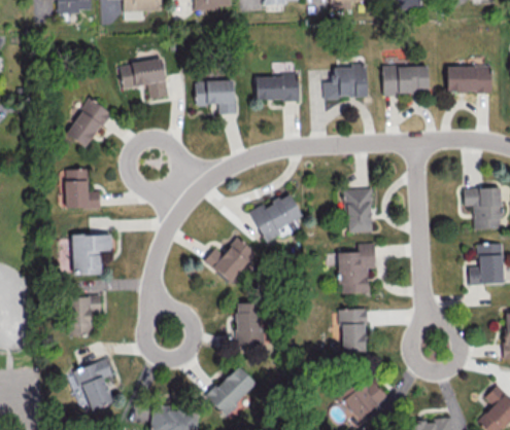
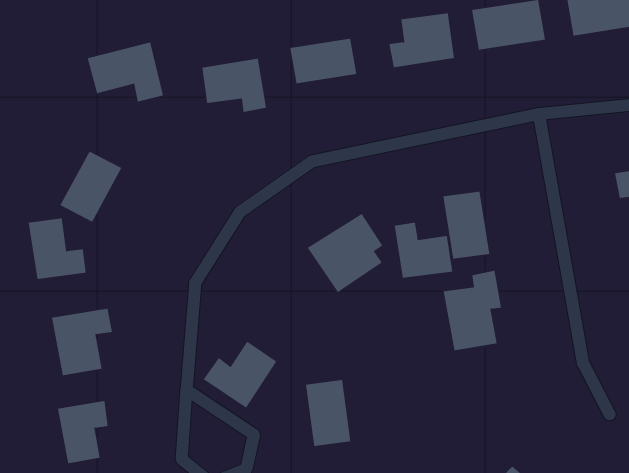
building: [65,99,110,147] -> [60,151,122,222]
building: none -> [394,222,453,278]
building: [204,238,256,283] -> [203,341,277,408]
building: [341,309,366,351] -> none

